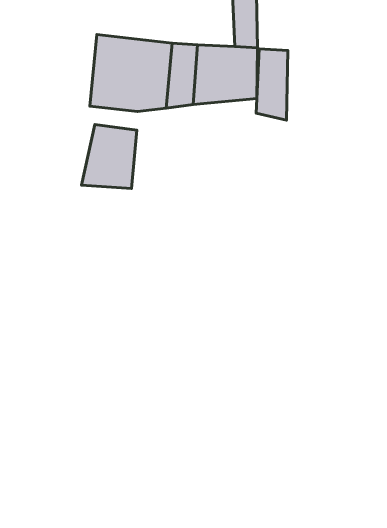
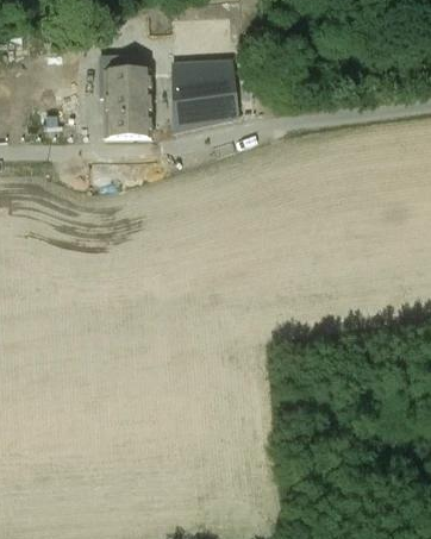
building: [256,49,288,120] -> none
building: [82,124,137,188] -> none

